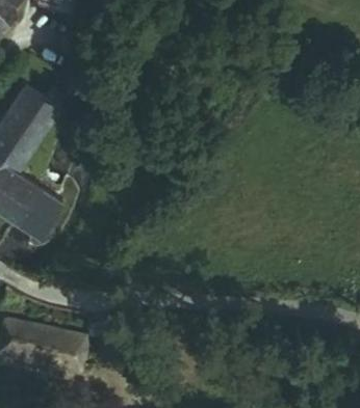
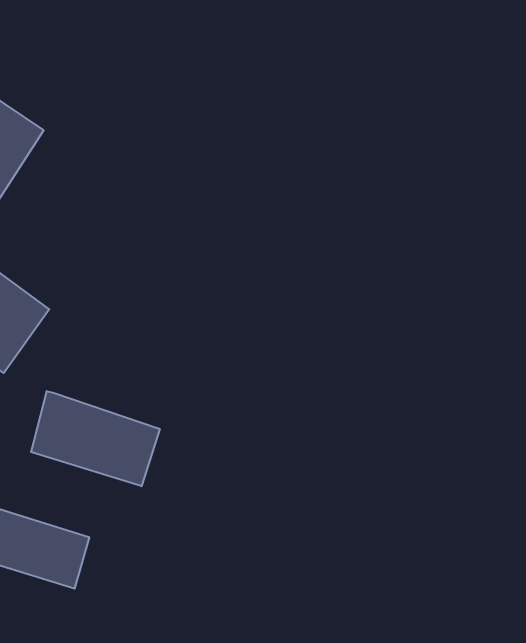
building: none -> [31,391,160,486]

